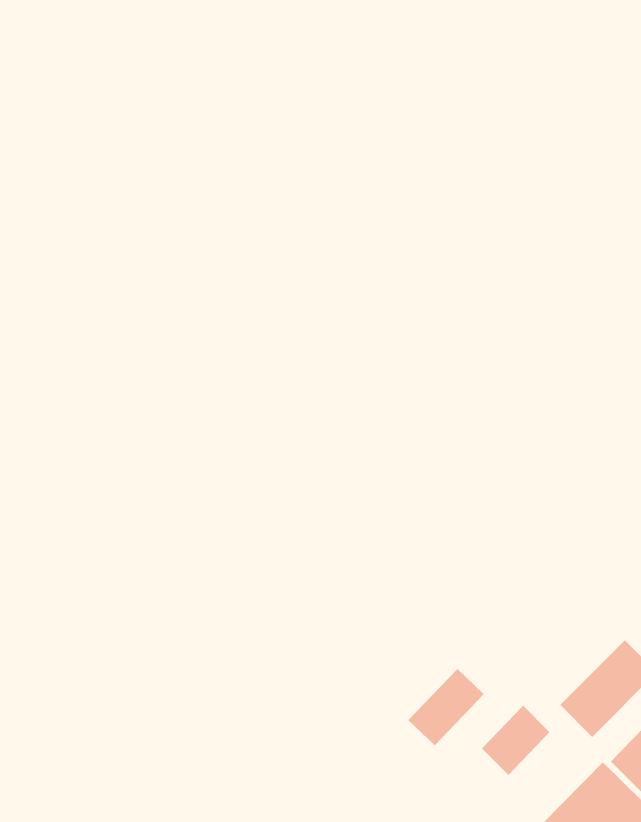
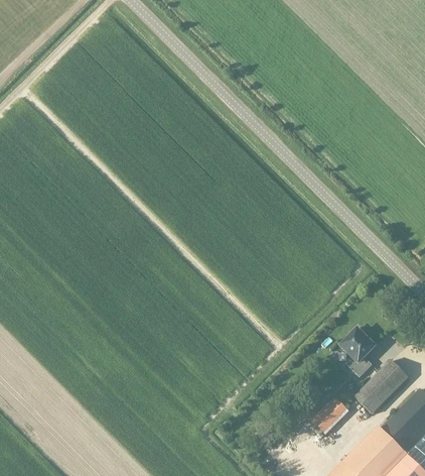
building: none -> [340,325,375,376]
building: [408,668,485,746] -> none

